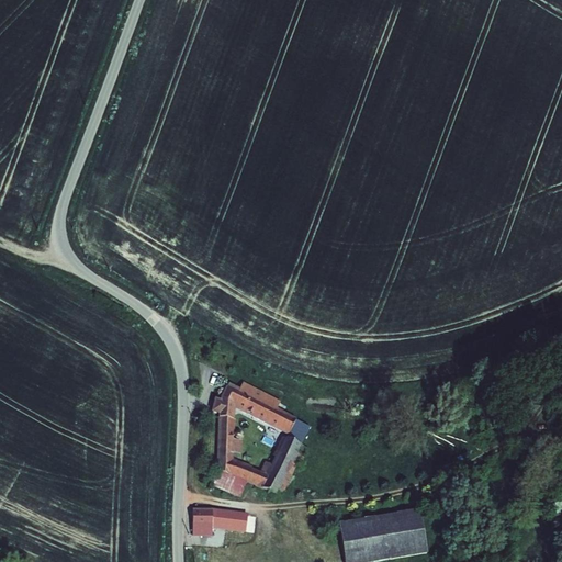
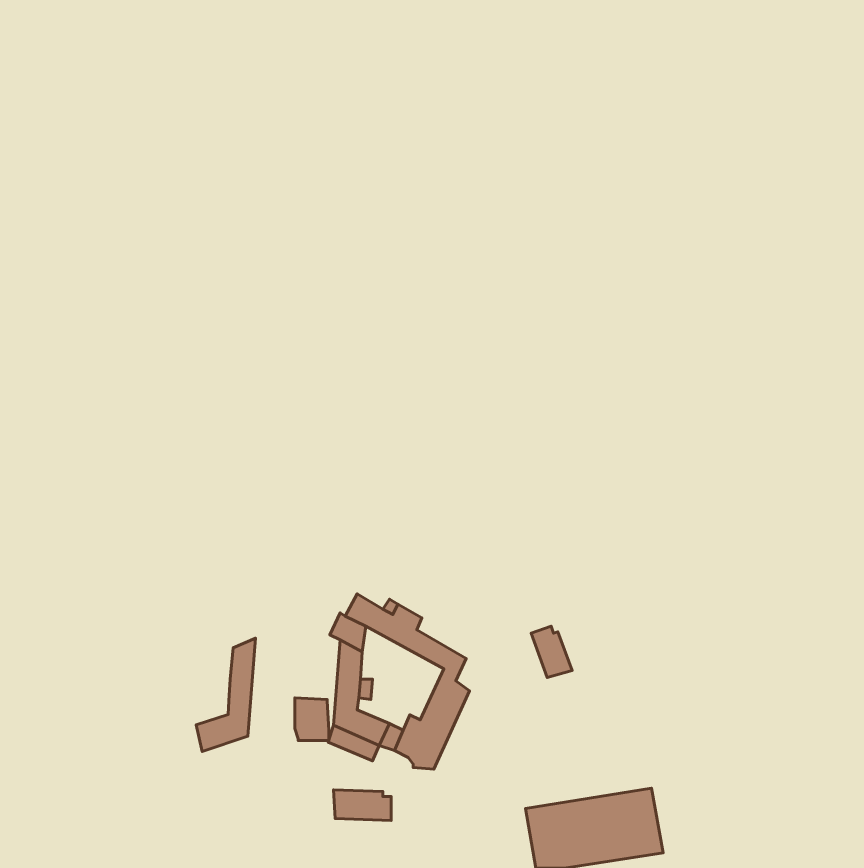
building: none -> [531,626,572,677]
building: none -> [196,638,256,752]
building: [194,507,216,535] -> [295,698,329,740]

